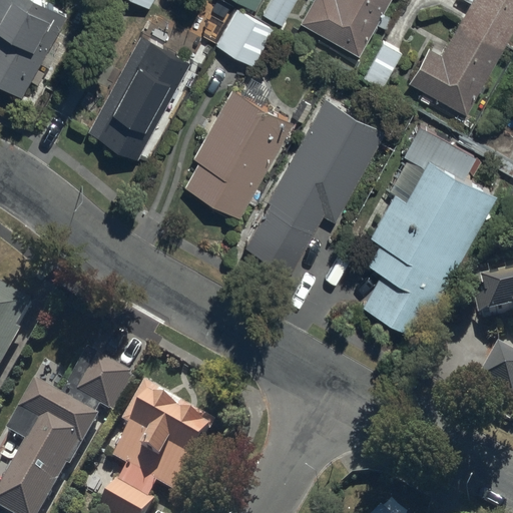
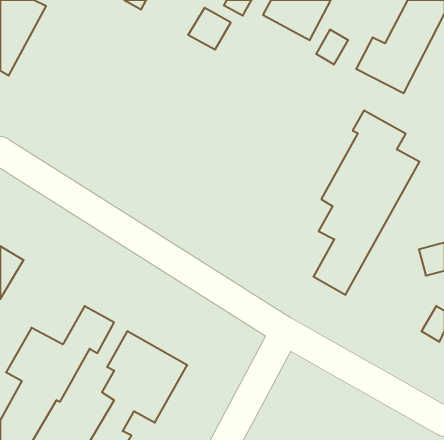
building: [89,39,184,155] -> none
building: [185,92,290,215] -> none
building: [237,95,386,279] -> none

